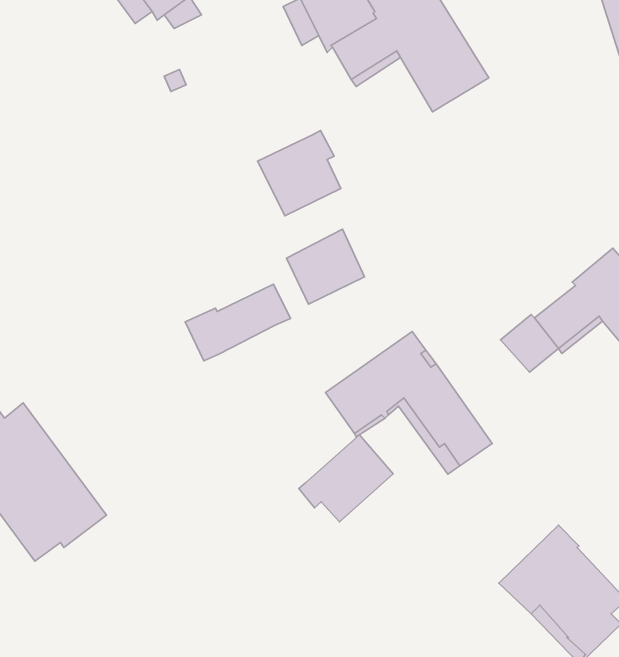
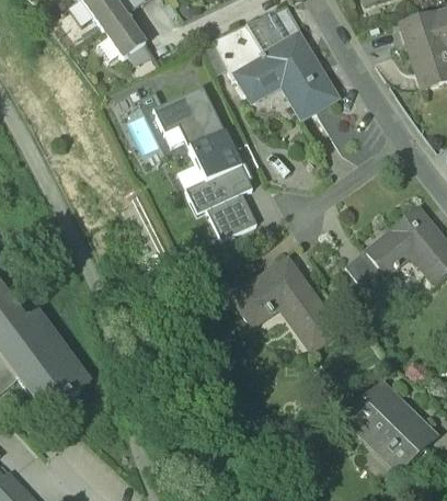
building: none -> [153,87,225,149]
building: [185,284,290,361] -> [185,167,253,216]
building: [299,435,393,522] -> none

